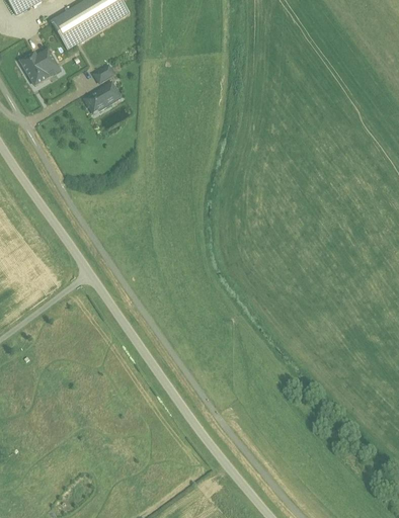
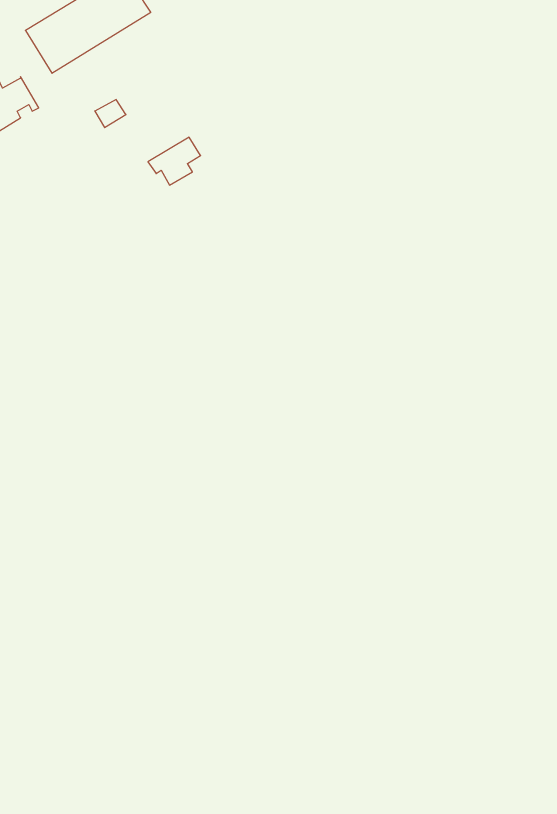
building: [85,82,117,111] -> [148,137,201,185]

